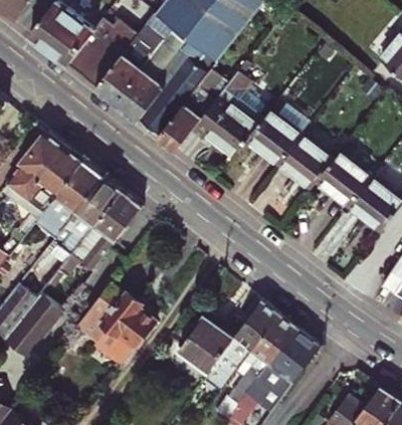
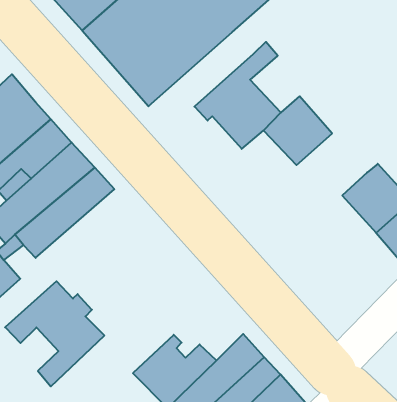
building: [157,69,230,152] -> none
building: [278,134,334,189] -> none

